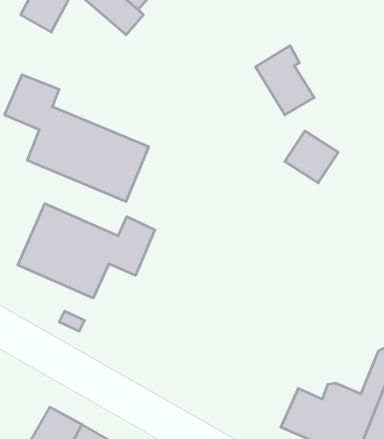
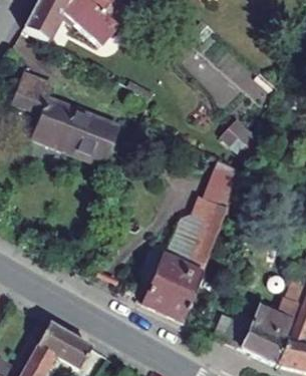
building: none -> [140,159,244,320]
building: [18,204,155,298] -> none

